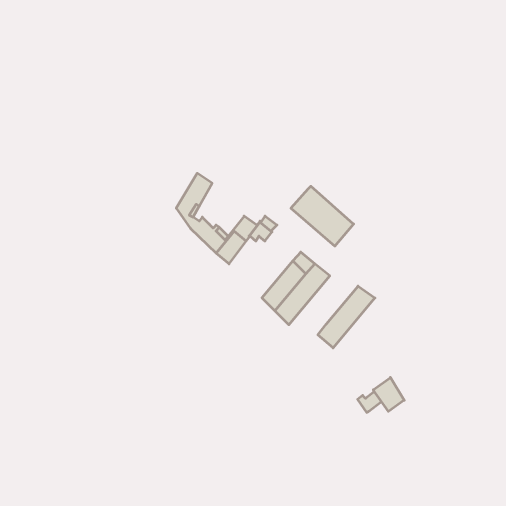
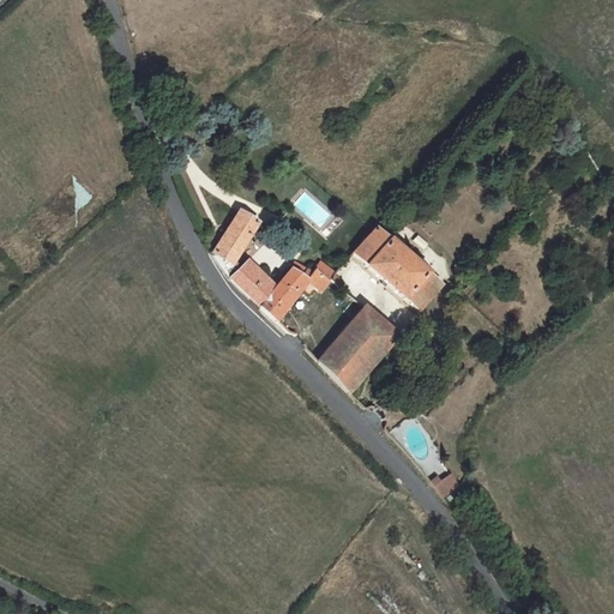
building: none -> [407,270,444,309]
building: [318,286,375,348] -> none
building: [373,377,404,411] -> none

